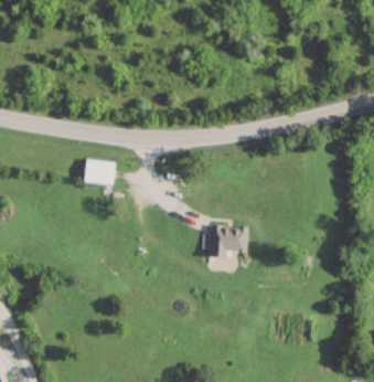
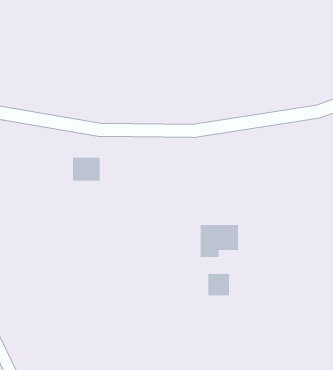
building: none -> [208,273,230,296]

